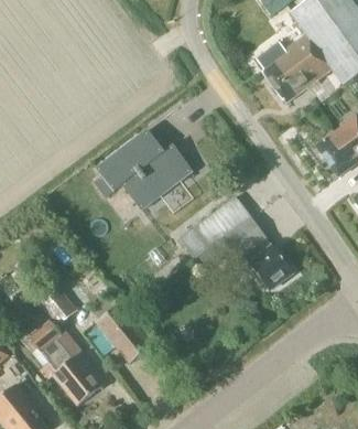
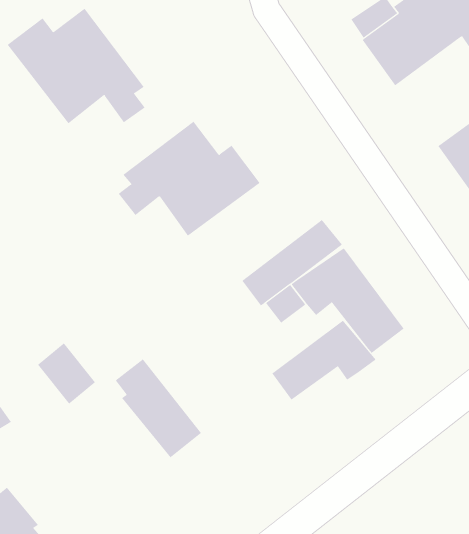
building: none -> [7,8,145,124]
building: none -> [272,320,376,400]
building: [29,319,101,404] -> none

